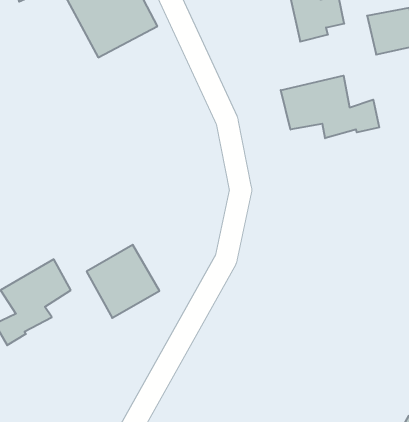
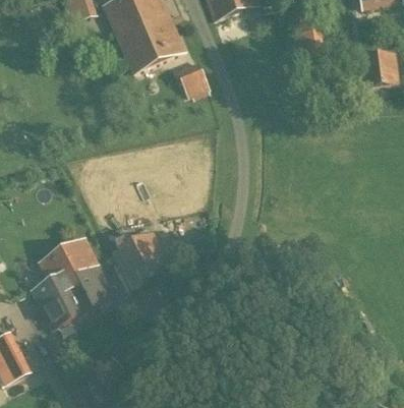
building: none -> [177,61,210,97]
building: [281,76,379,138] -> none
building: none -> [42,265,114,329]

